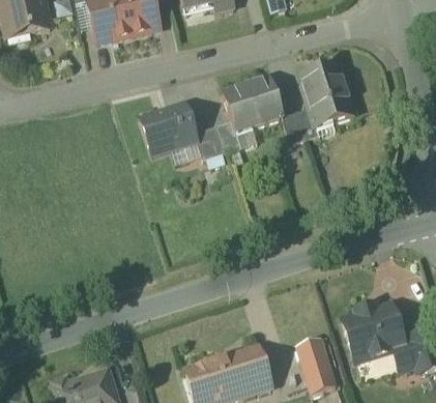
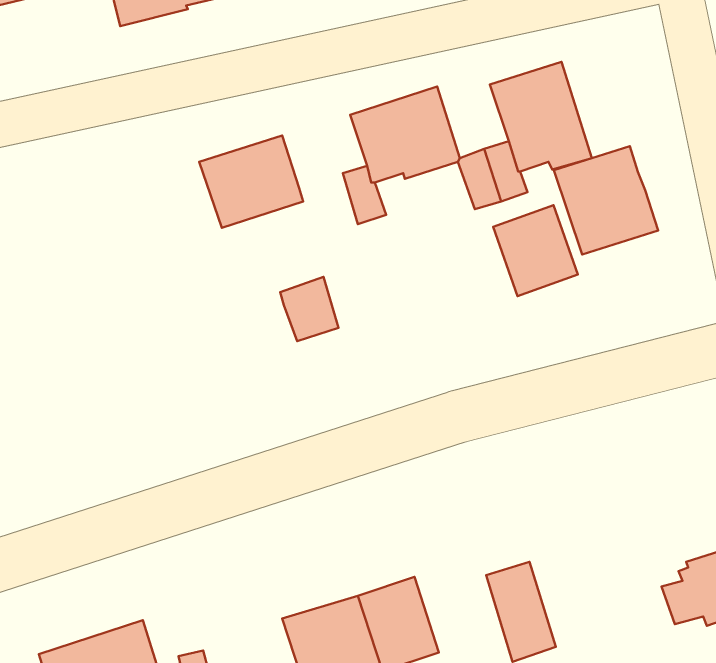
building: none -> [554,146,658,254]
building: [195,124,227,160] -> [280,277,339,341]
building: none -> [493,205,578,296]
building: [343,304,405,364] -> none

